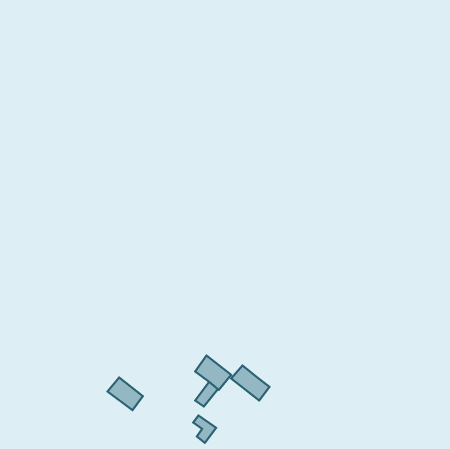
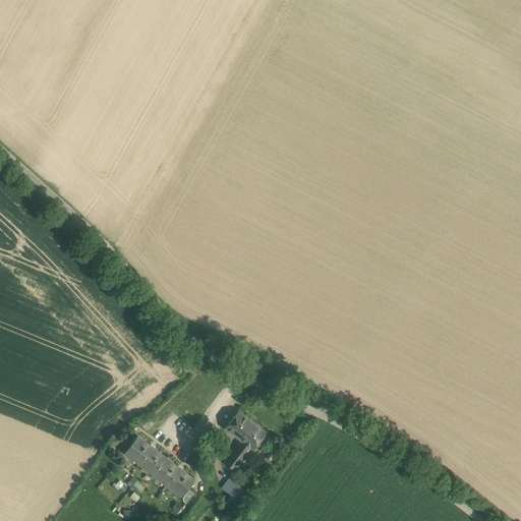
building: [231,366,269,400] -> none
building: none -> [154,459,194,498]

